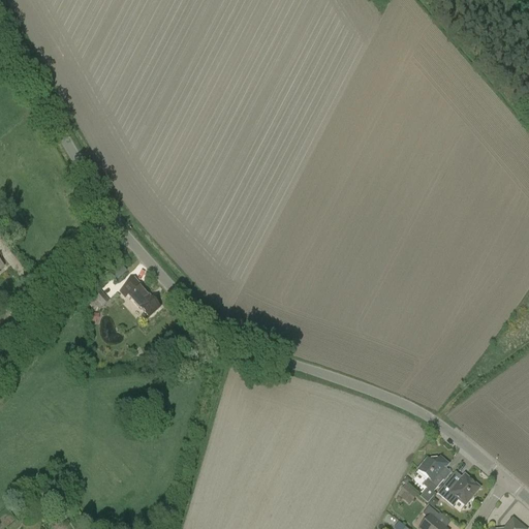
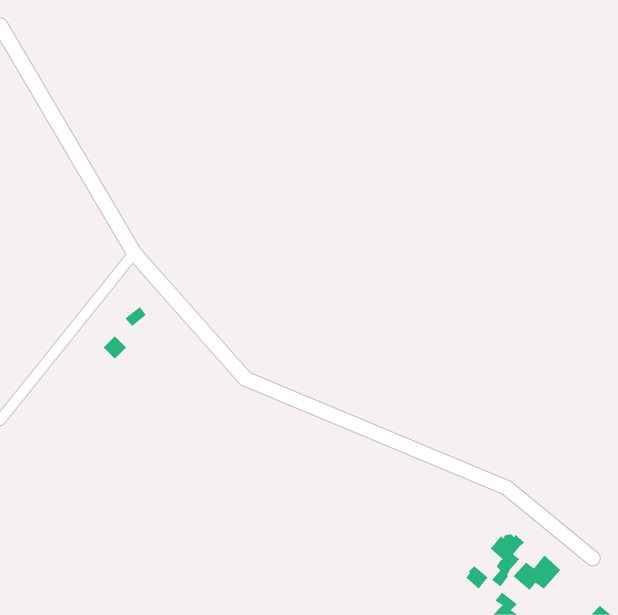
building: [120,278,159,315] -> none

